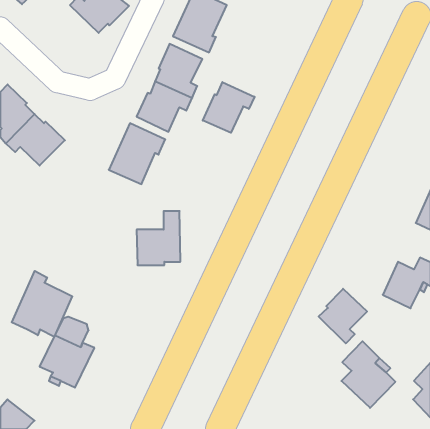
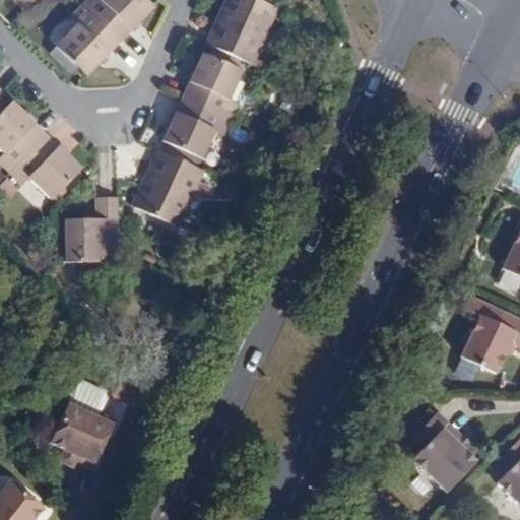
building: none -> [58,6,120,76]
building: [203,82,255,133] -> none
building: [137,211,180,265] -> [65,196,118,261]
building: [12,271,72,337] -> none
building: [319,289,367,343] -> none

